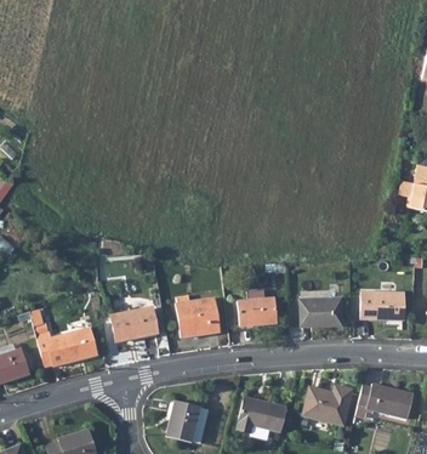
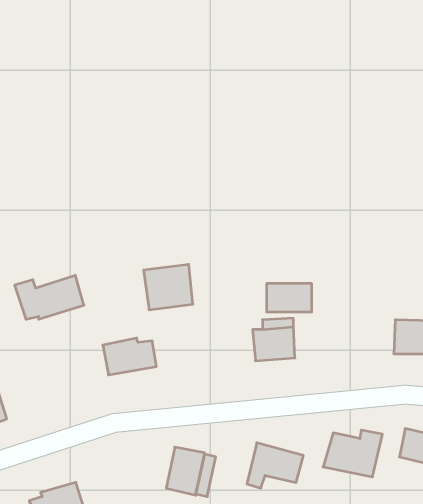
building: [178,296,221,335] -> [144,264,193,310]
building: [303,300,342,324] -> [267,284,312,312]
building: [38,330,97,368] -> [15,275,84,319]

